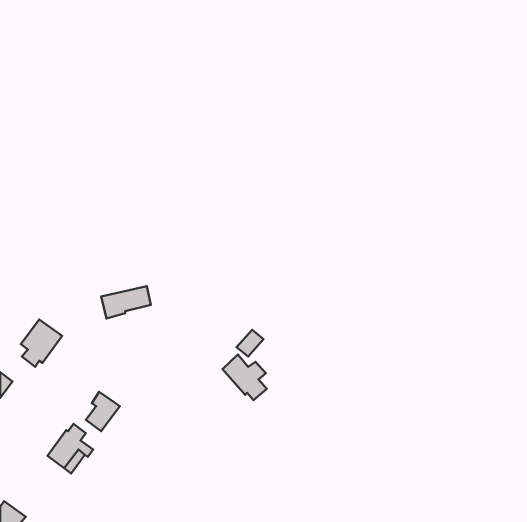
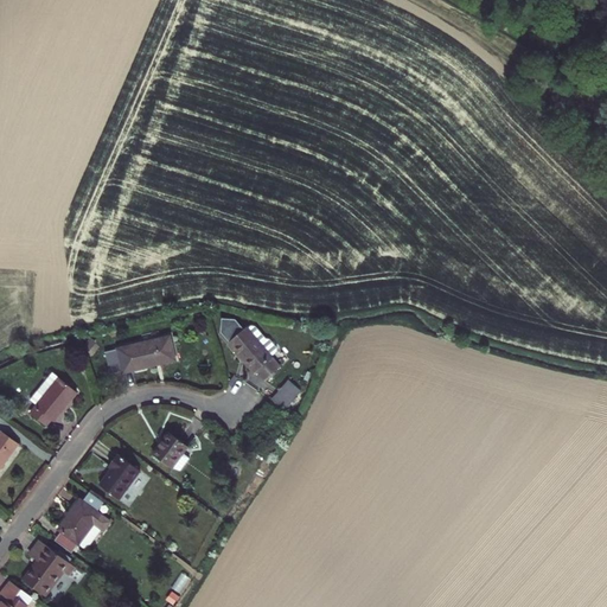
building: [222,355,267,400] -> [230,321,281,373]
building: none -> [148,435,184,471]
building: none -> [20,543,68,598]

